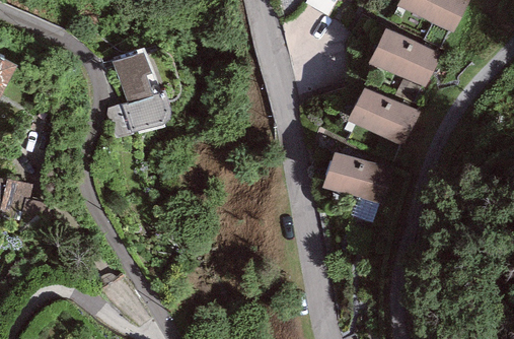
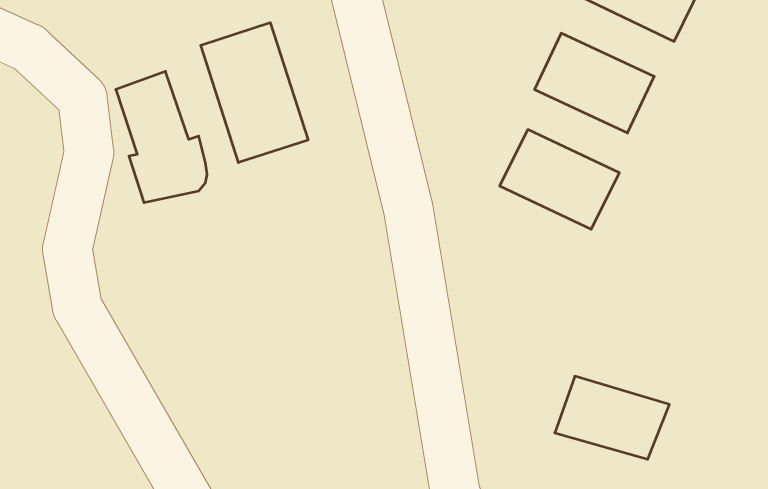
building: none -> [201,23,308,163]
building: [321,152,391,203] -> [555,376,669,459]

